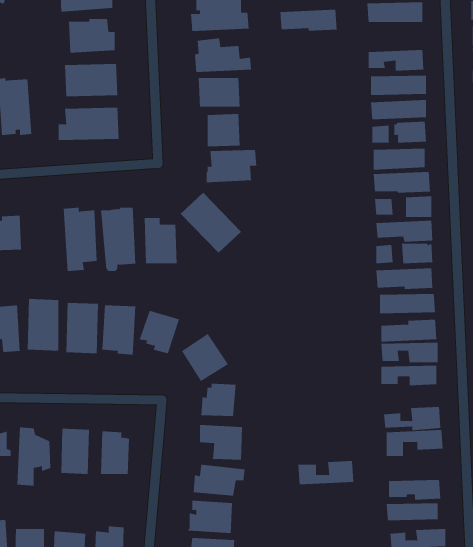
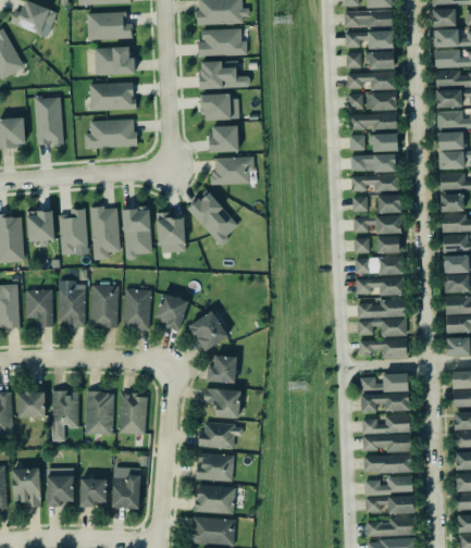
building: [280,9,337,31] -> [346,51,395,70]
building: none -> [61,207,86,250]
building: [298,460,354,485] -> [361,414,409,435]

